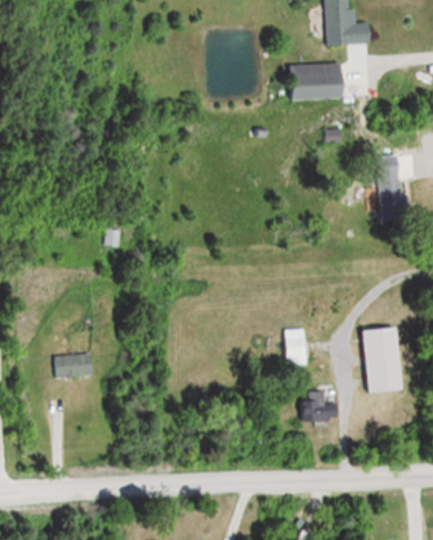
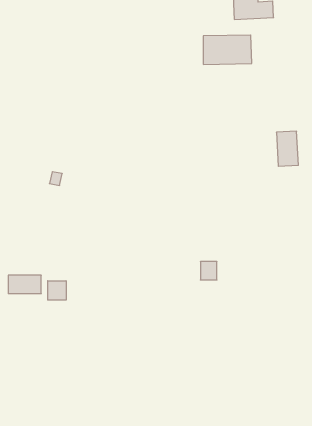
building: [362,327,403,394] -> none
building: none -> [48,281,66,300]
building: [301,389,328,425] -> none

